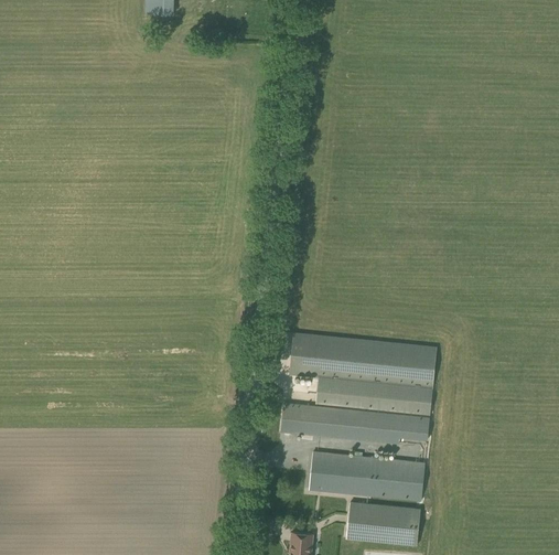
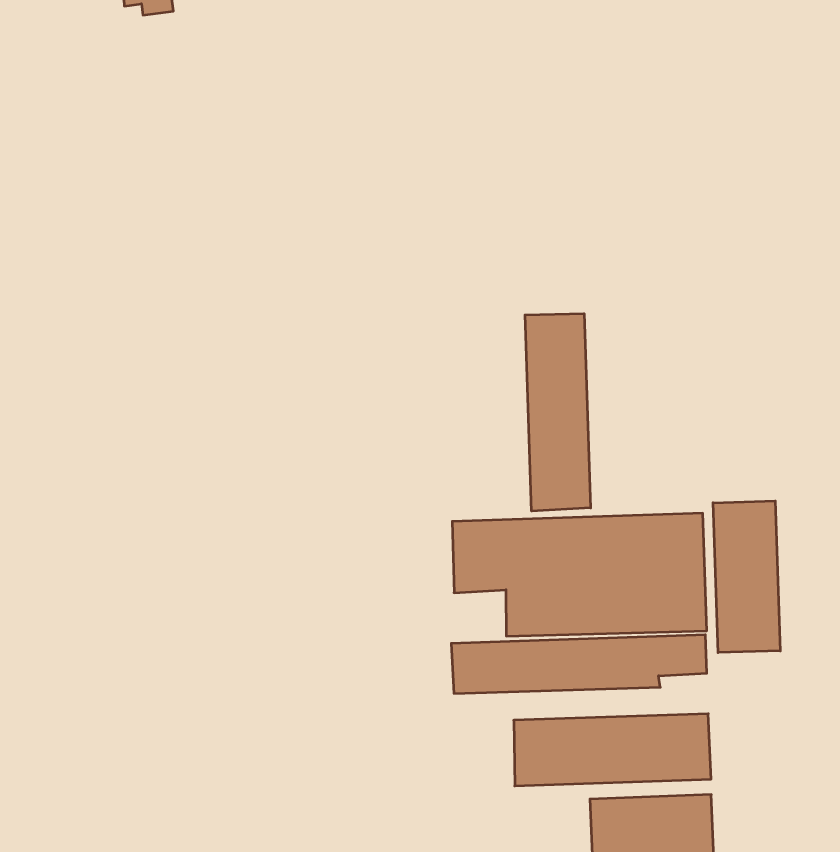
building: none -> [525,314,591,511]
building: none -> [713,501,780,653]

